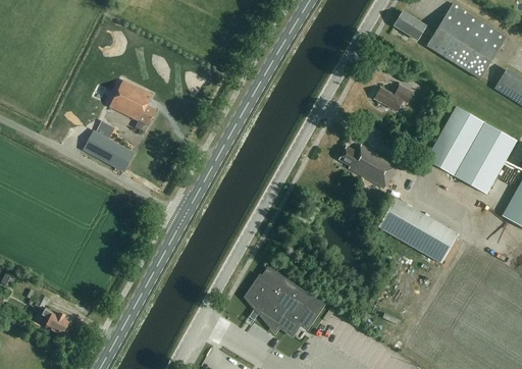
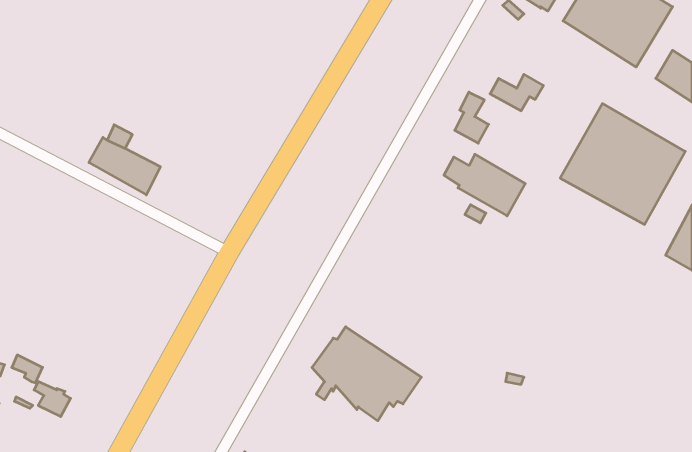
building: [109,80,156,133] -> none
building: none -> [455,92,489,143]
building: [378,197,459,263] -> none

